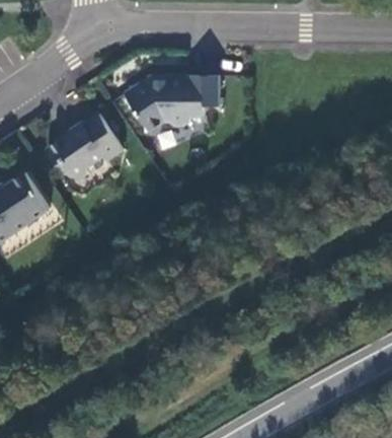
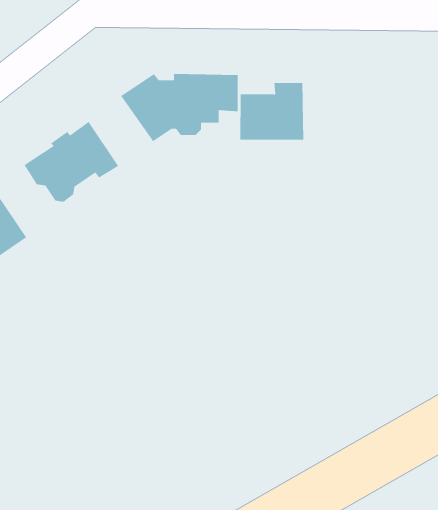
building: none -> [240,82,304,141]

